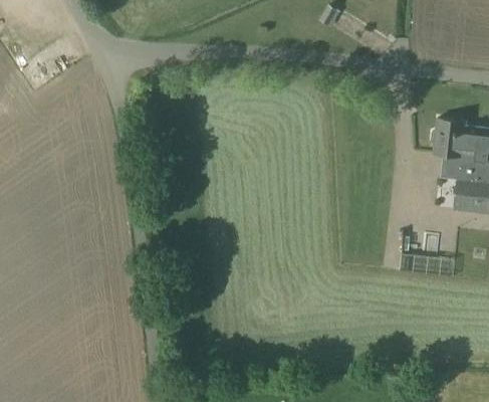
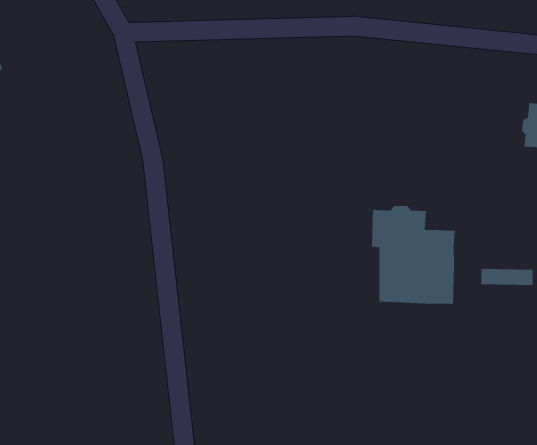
building: none -> [372,205,455,304]

